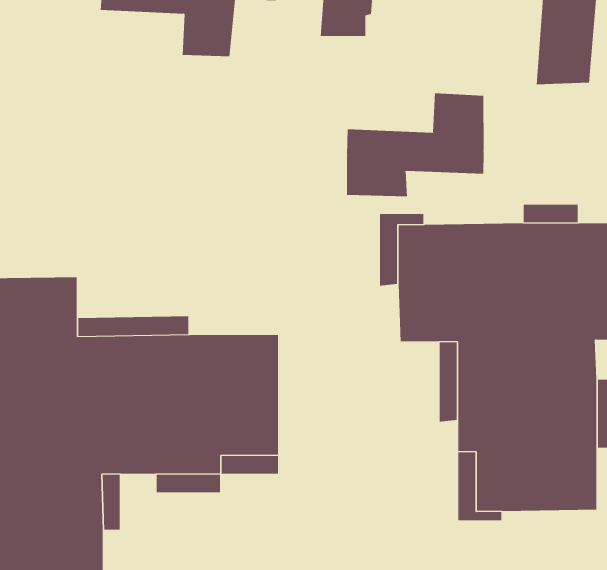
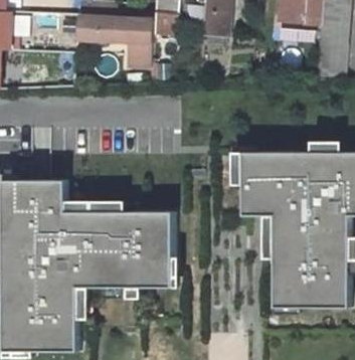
building: [347,93,484,197] -> none

